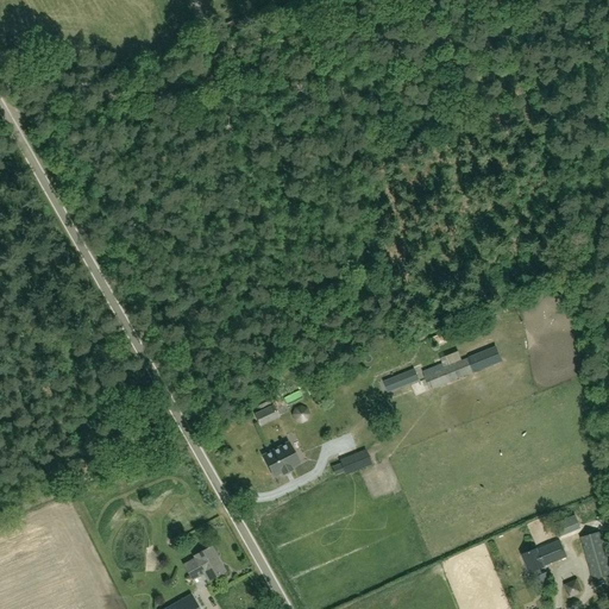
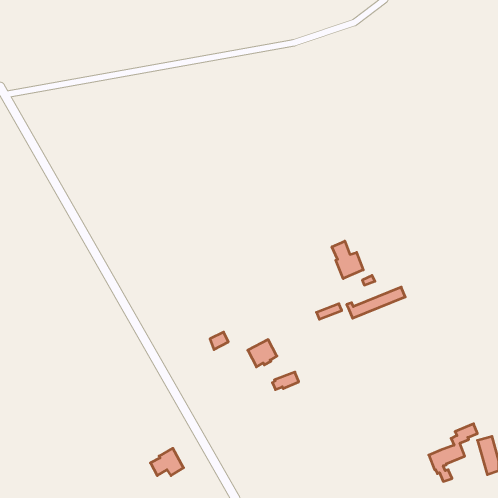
building: none -> [332,241,363,279]
building: [264,441,300,475] -> [248,340,277,367]

